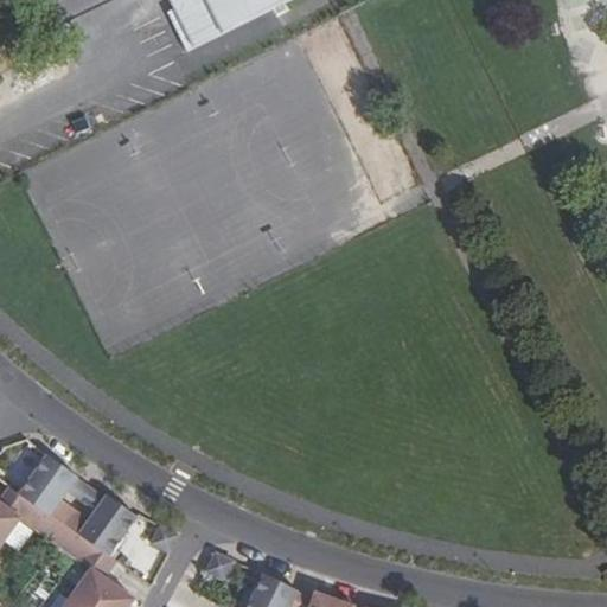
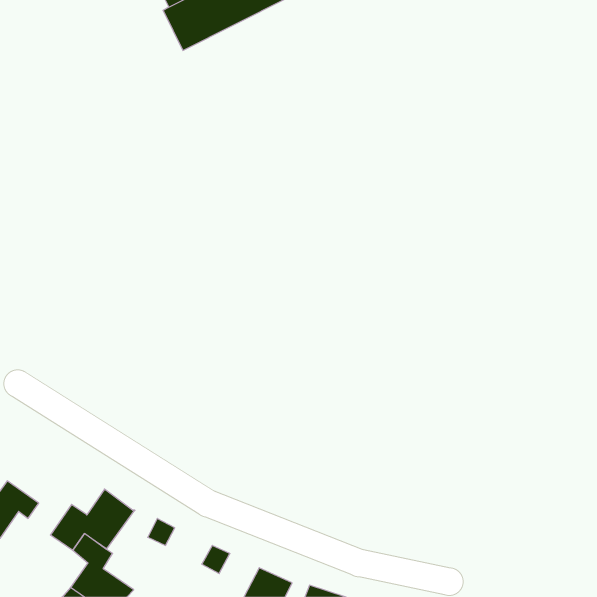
building: [18,454,76,541] -> none

